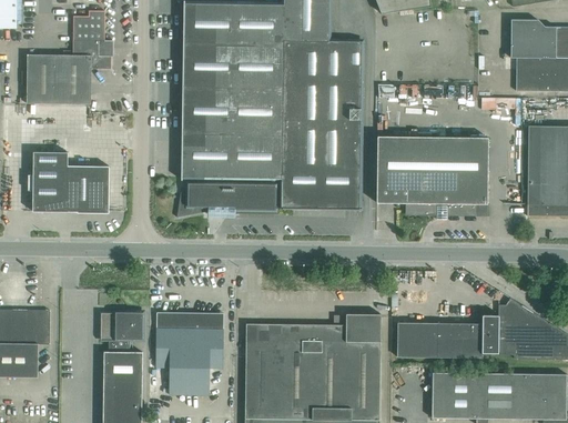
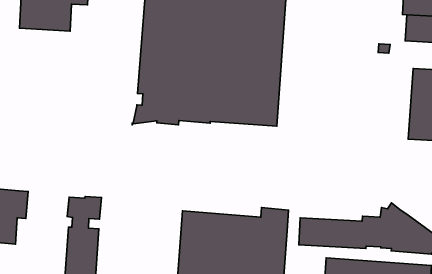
building: [376,135,488,219] -> none
building: [32,152,109,213] -> none
building: [155,312,223,394] -> none

